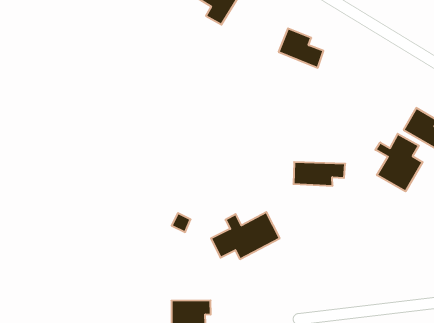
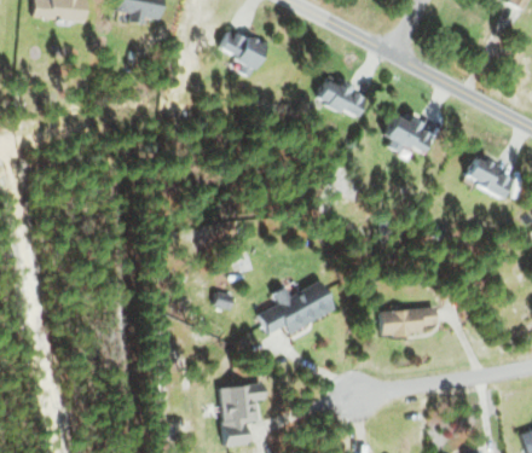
building: none -> [381,112,435,153]
building: [375,134,423,191] -> none
building: [293,162,345,186] -> [381,309,438,336]

